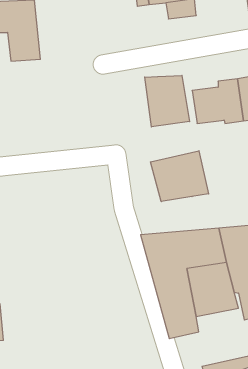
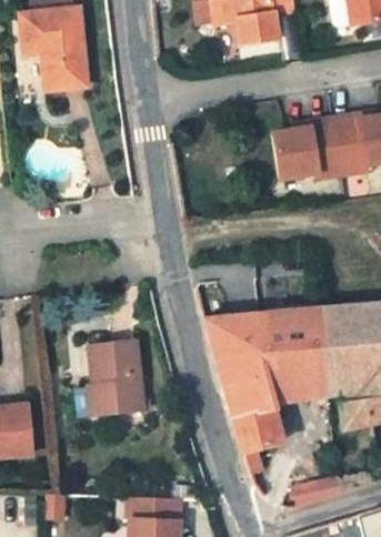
building: [145,75,190,127] -> none
building: [150,151,209,202] -> none
building: none -> [83,344,140,416]

